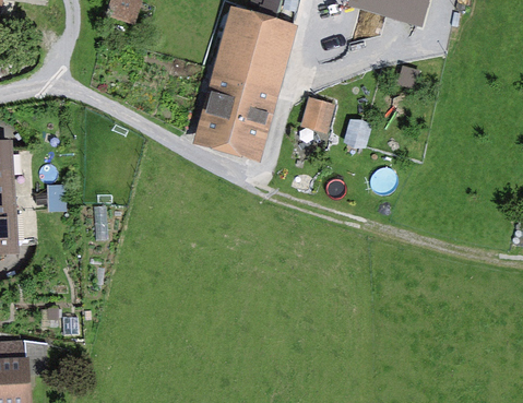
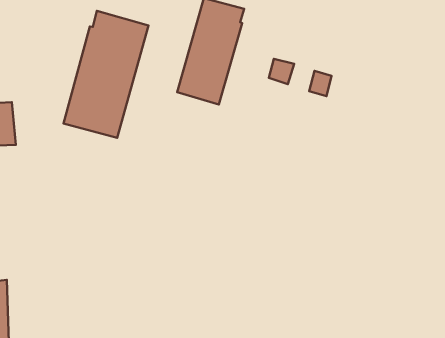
building: none -> [64,11,149,138]

